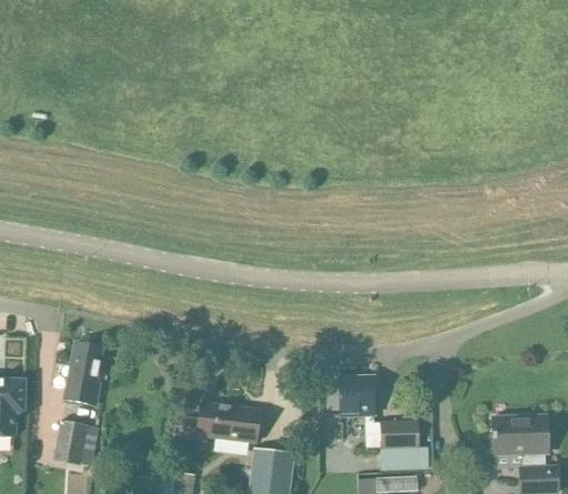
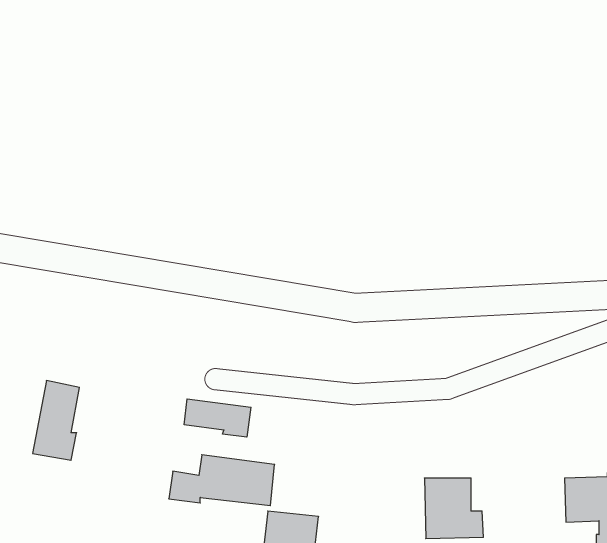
building: none -> [184,399,251,437]
building: [339,376,375,415] -> none
building: [53,420,89,464] -> none

